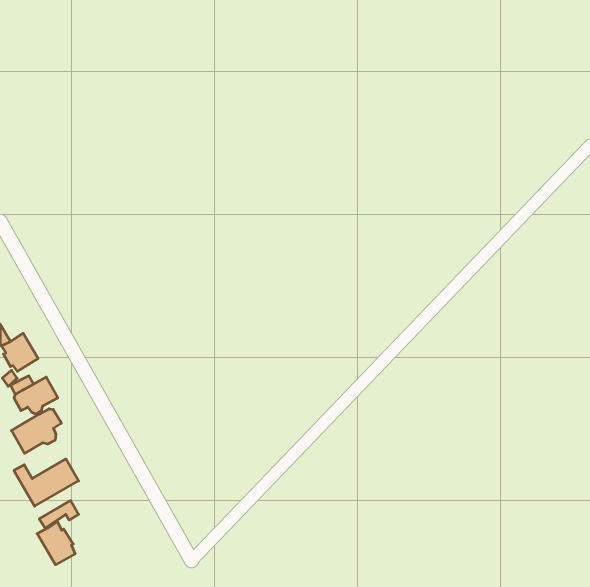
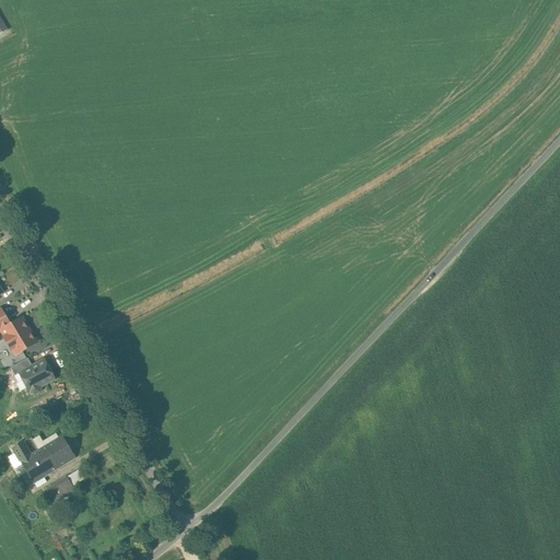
building: [11,409,61,453] -> none
building: [37,521,75,565] -> none

